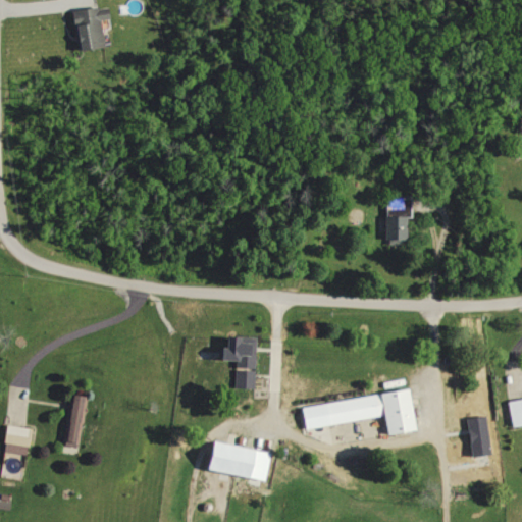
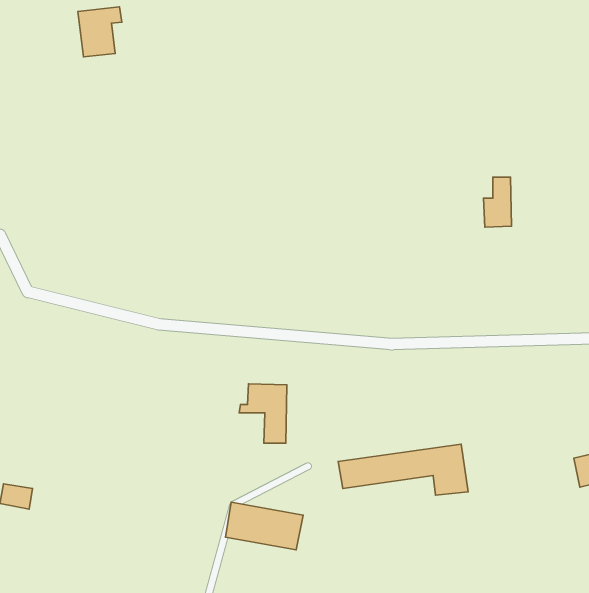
building: [384,198,409,242] -> [484,177,512,227]
building: [65,396,90,443] -> none
building: [466,415,493,457] -> none

